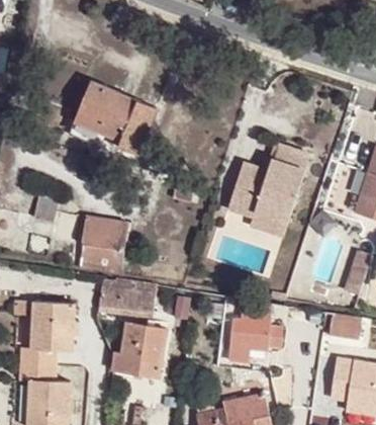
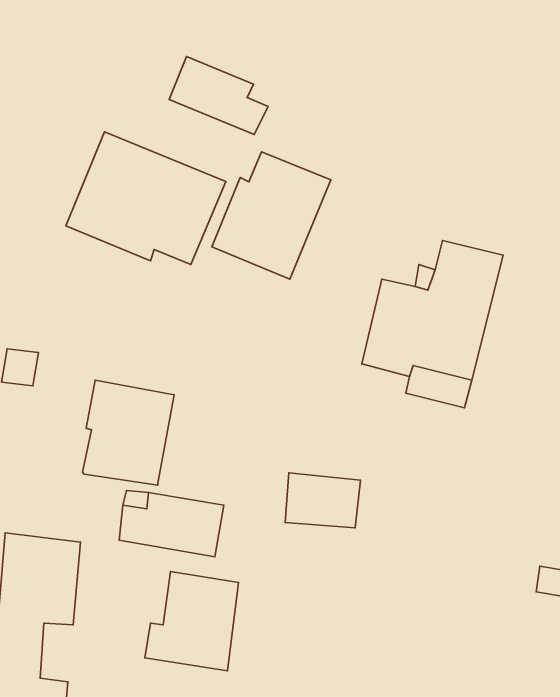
building: none -> [169,57,268,134]
building: none -> [212,152,331,279]
building: [229,318,271,348] -> [285,473,361,528]

